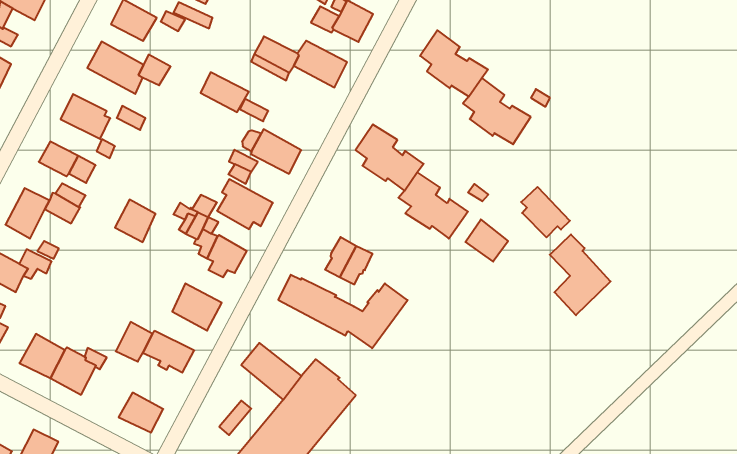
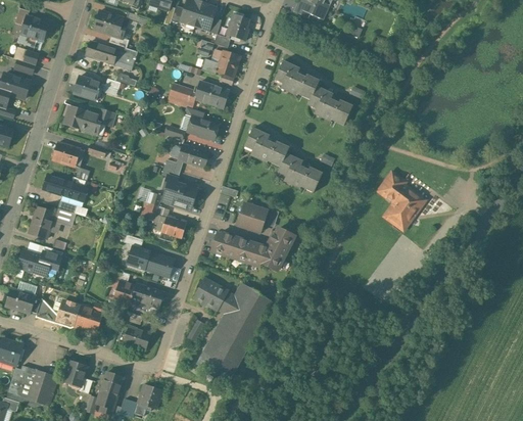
building: [201,72,249,112] -> [188,116,219,139]
building: [521,187,570,237] -> none
building: [115,200,156,242] -> [126,244,150,270]
building: [465,219,508,262] -> none

